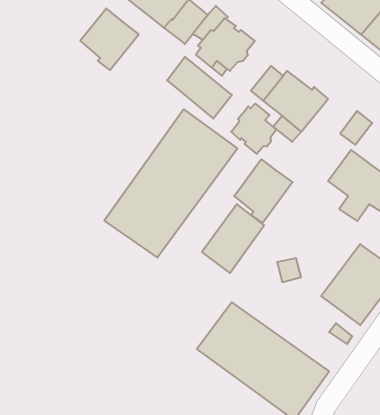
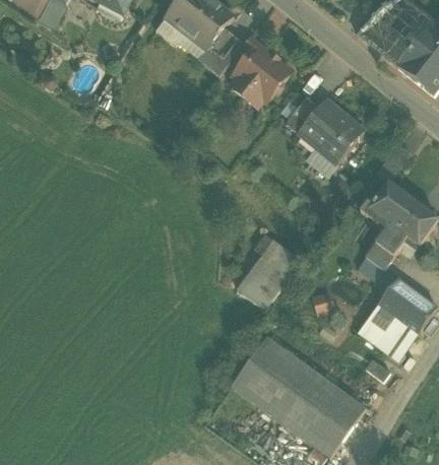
building: [80,8,139,70] -> none
building: [167,57,232,119] -> none
building: [231,104,276,154] -> none
building: [104,109,237,258] -> none
building: [234,159,293,223] -> none
building: none -> [357,242,393,278]

